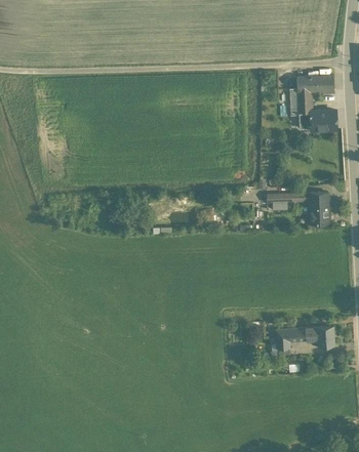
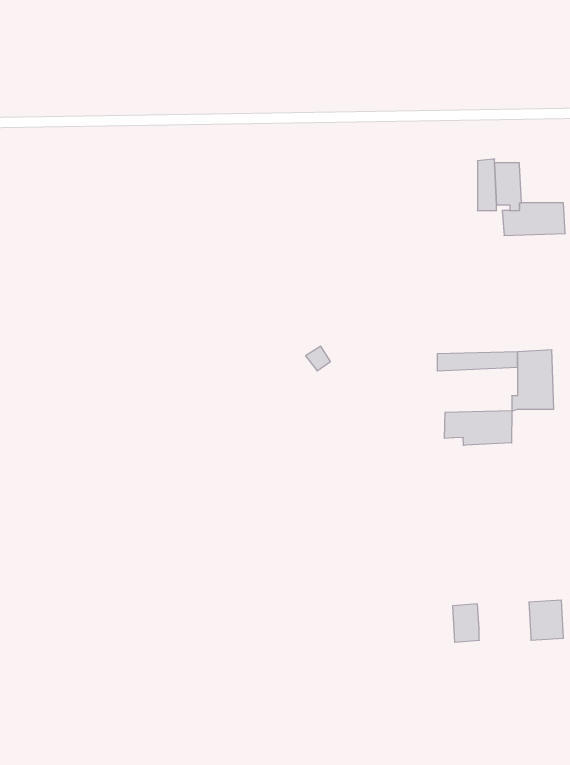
building: [297,76,334,92] -> none
building: none -> [444,411,512,445]
building: [289,327,318,346] -> none

